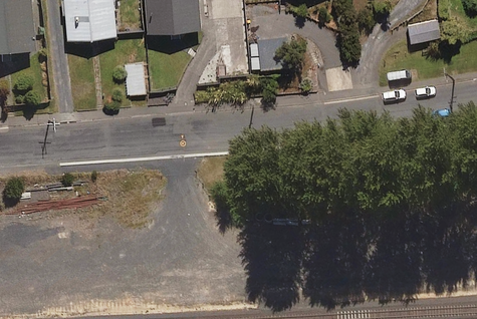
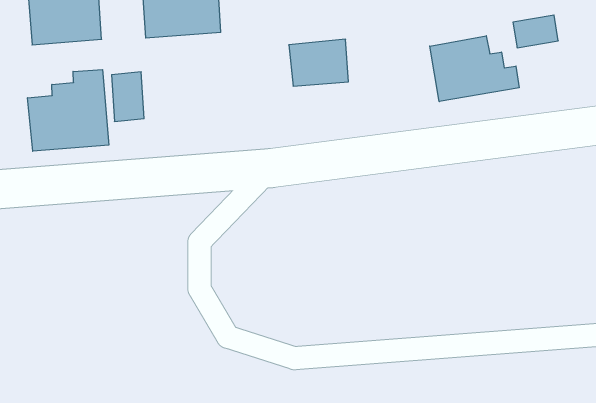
building: none -> [430,36,519,102]
building: none -> [28,70,109,151]

